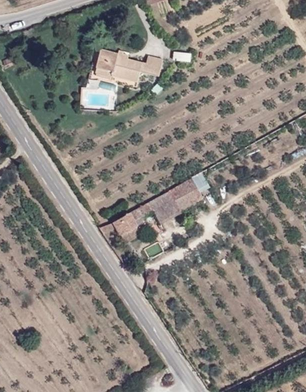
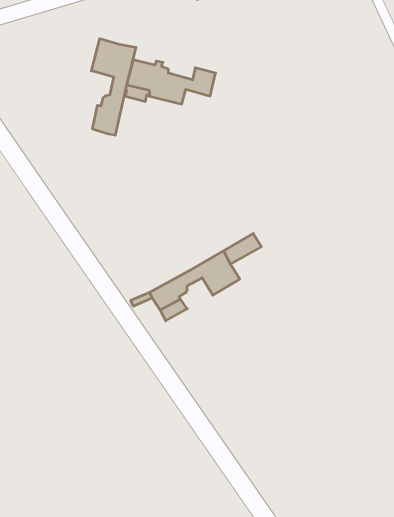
building: none -> [91,39,136,135]

